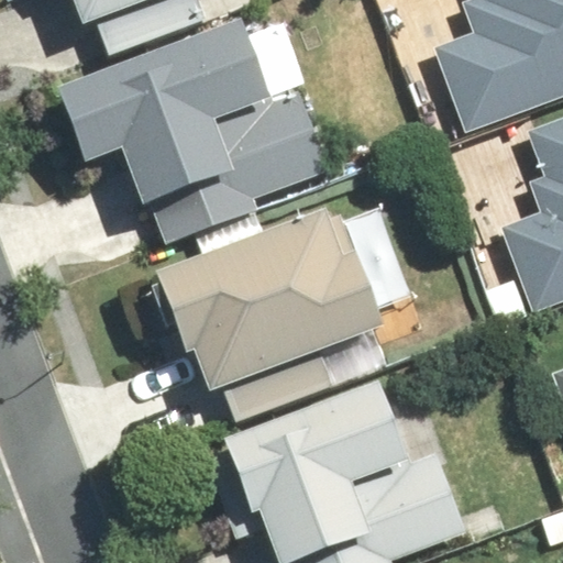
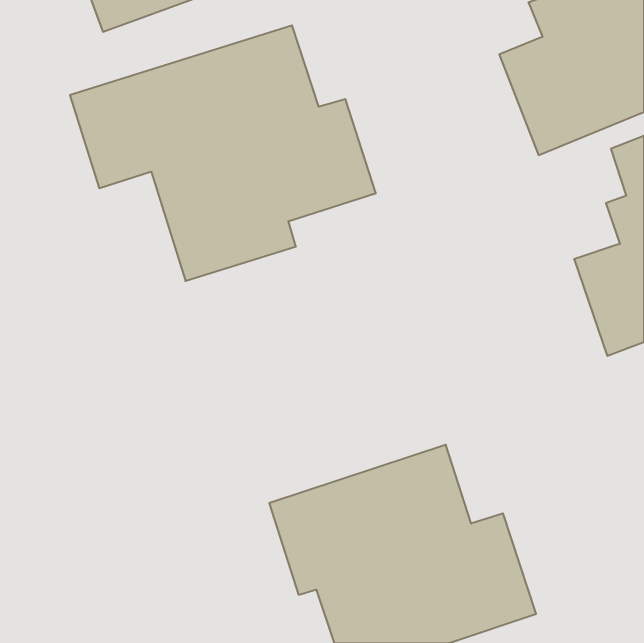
building: [164,214,391,383] -> none

